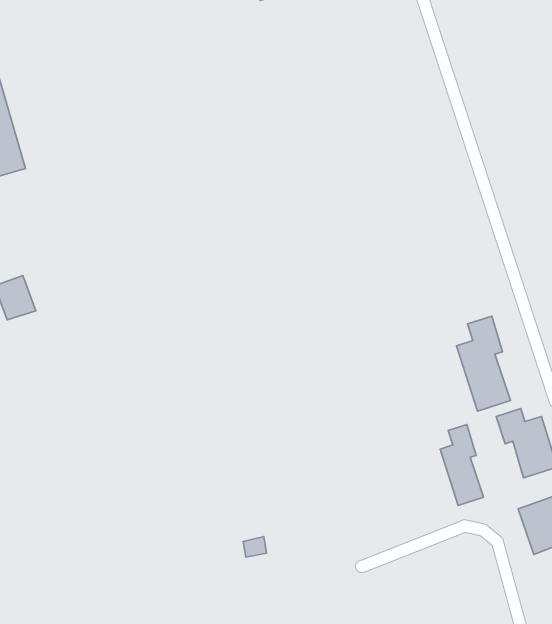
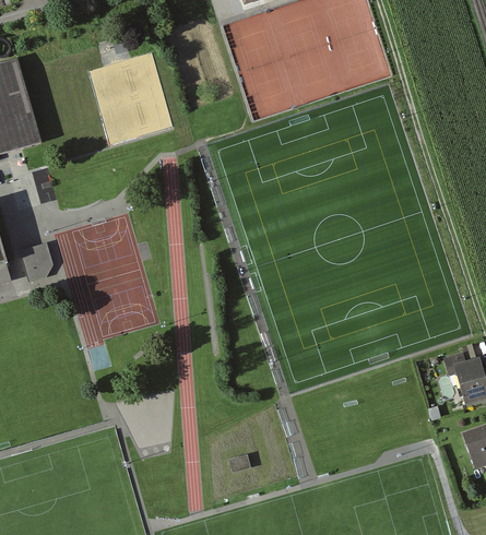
building: [456,316,511,411] -> none
building: [440,425,484,505] -> none

